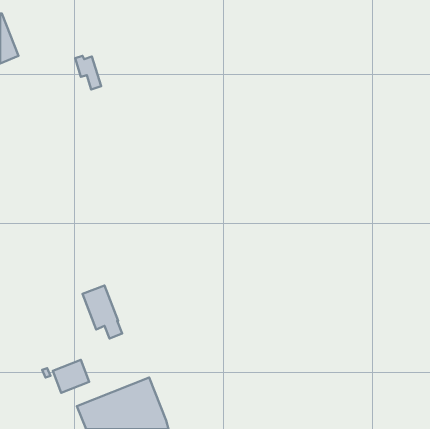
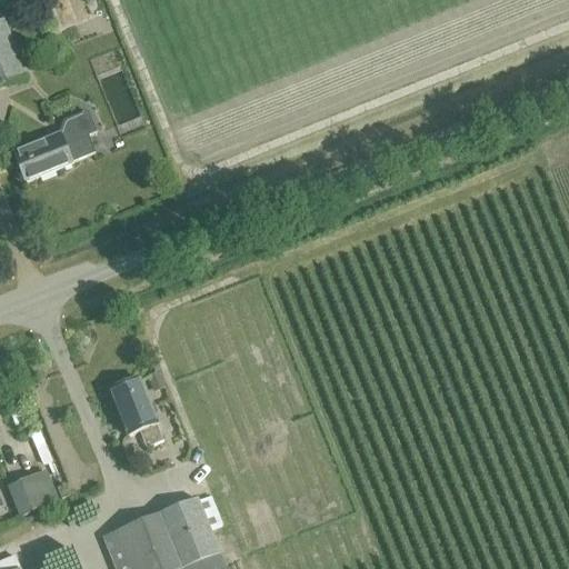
building: none -> [13,109,97,180]
building: [53,360,89,393] -> [8,470,56,513]

